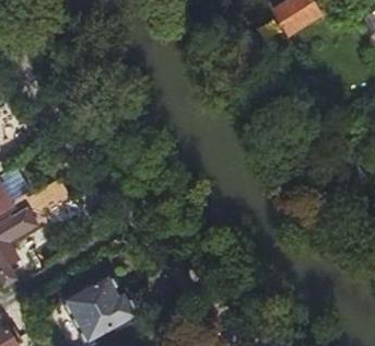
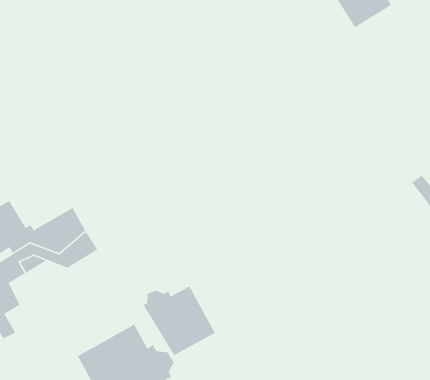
building: none -> [143,285,216,356]

